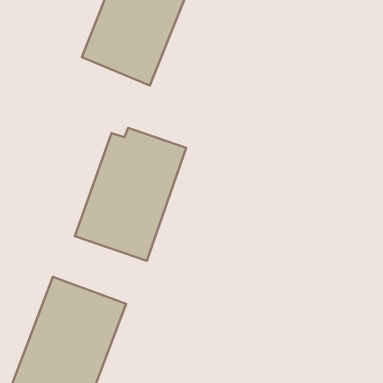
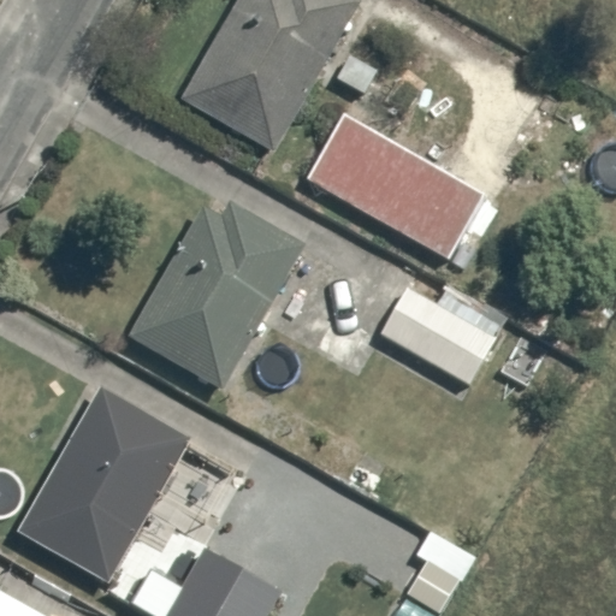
building: none -> [307,113,485,259]
building: none -> [379,284,494,383]

